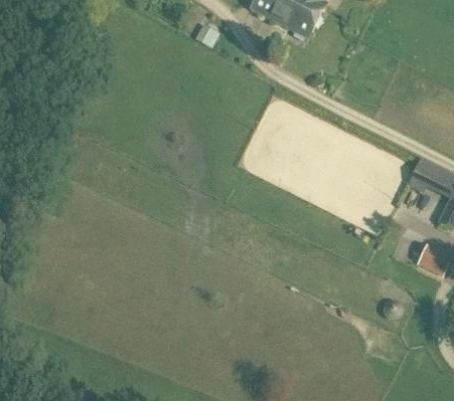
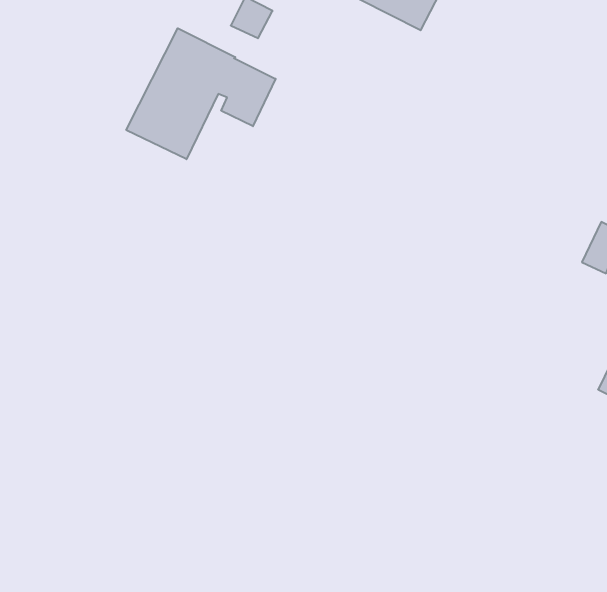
building: none -> [126,28,276,159]

